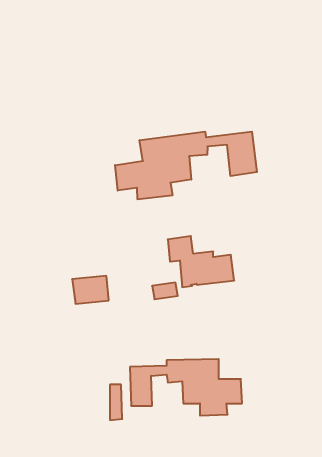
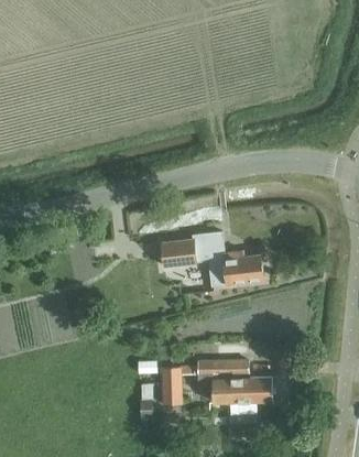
building: [115,132,257,199] -> none
building: [72,276,109,304] -> [161,239,197,266]

